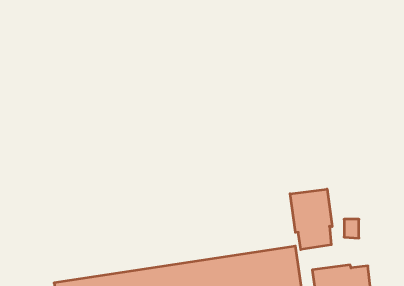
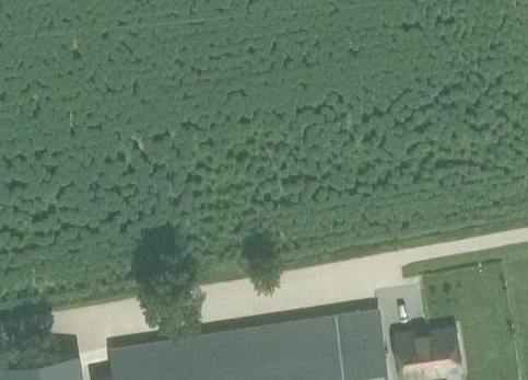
building: [290,189,332,250] -> none

